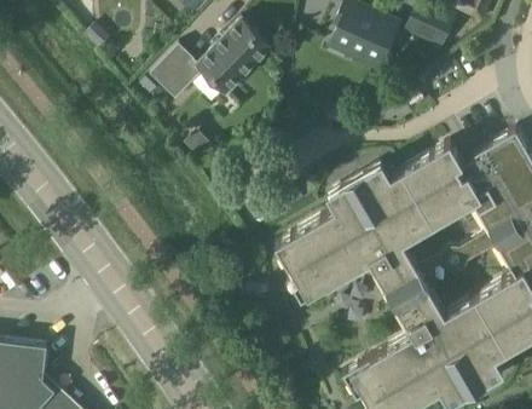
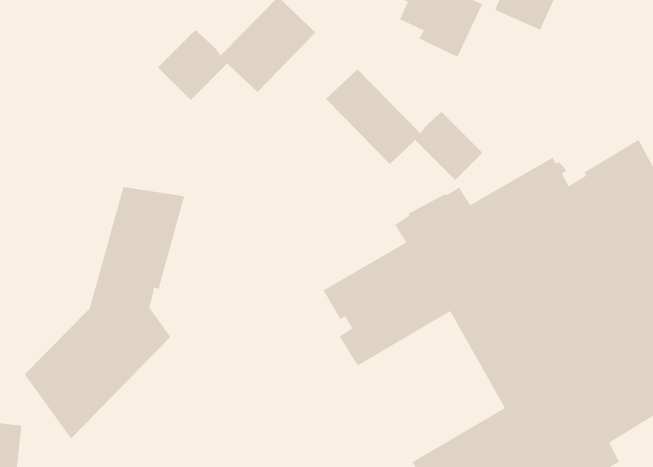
building: none -> [325,68,483,181]
building: none -> [24,186,185,439]

